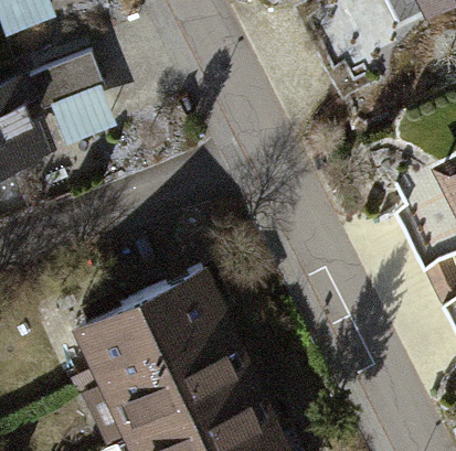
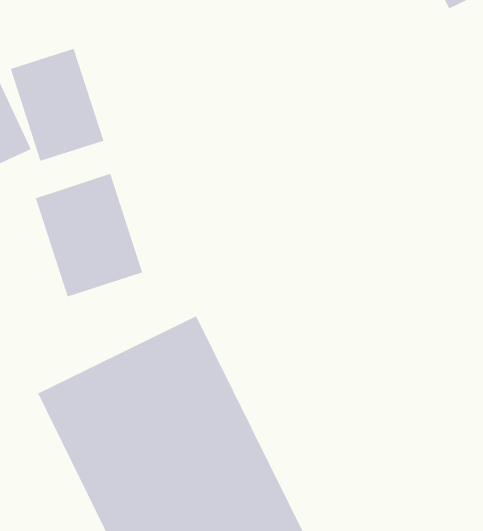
building: none -> [35,173,143,298]

